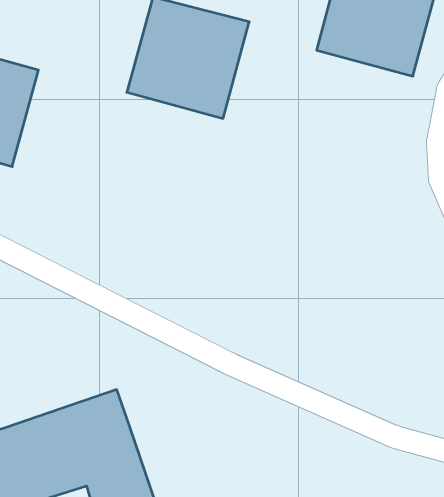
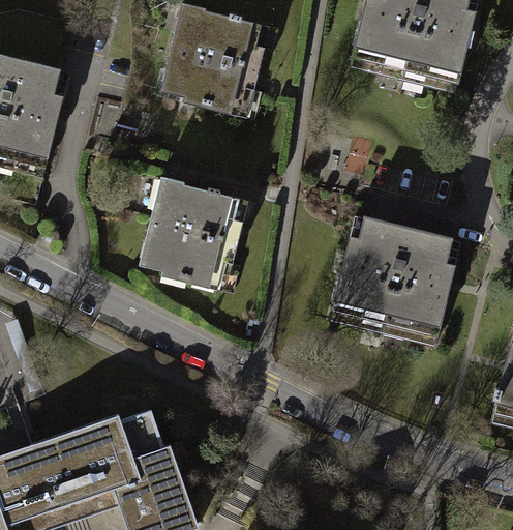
building: none -> [134,172,261,297]
building: none -> [333,217,459,344]

